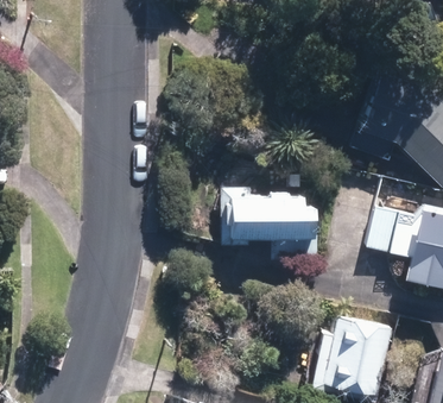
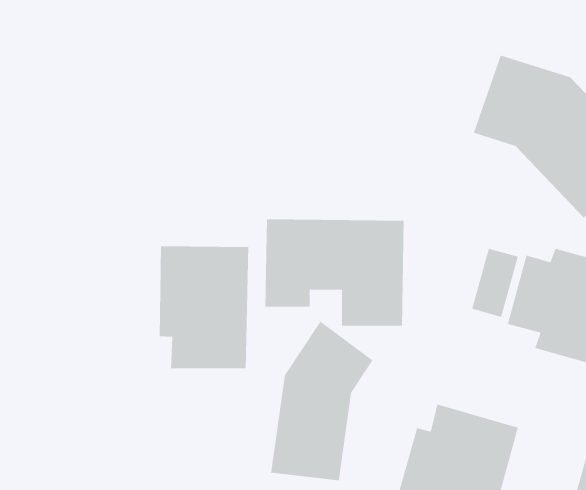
building: none -> [159,245,249,369]
building: none -> [270,320,374,481]

